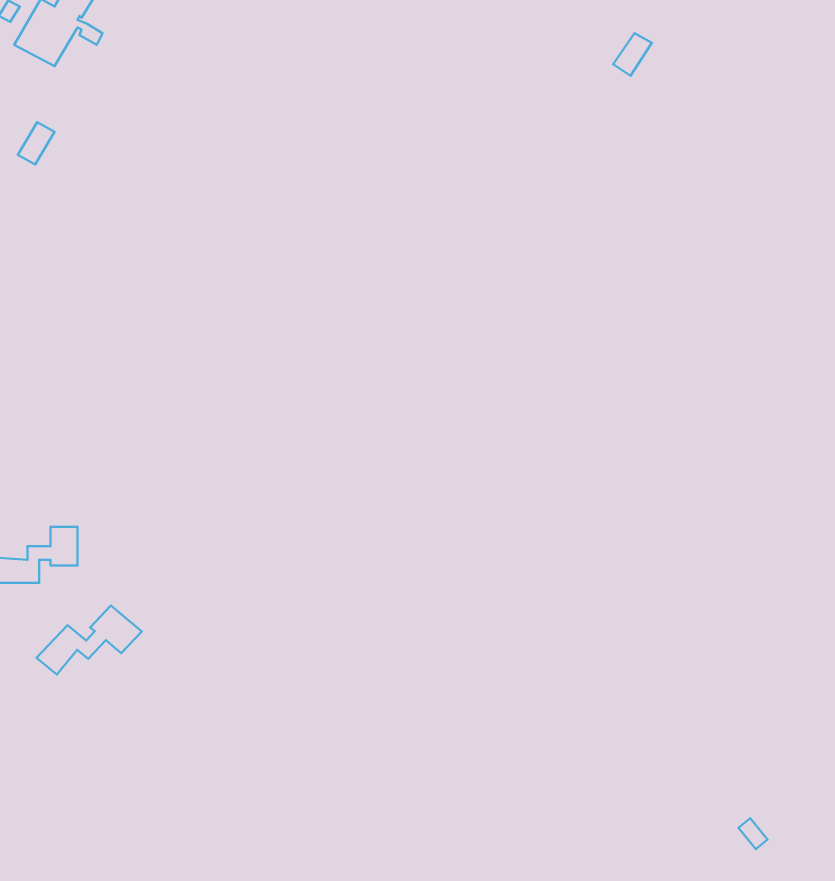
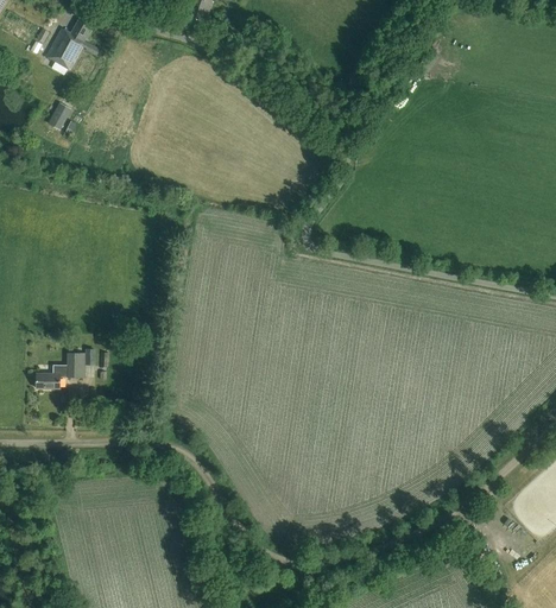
building: [37,606,142,675] -> none

